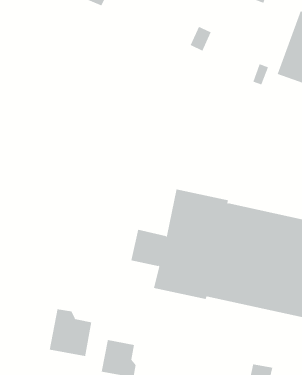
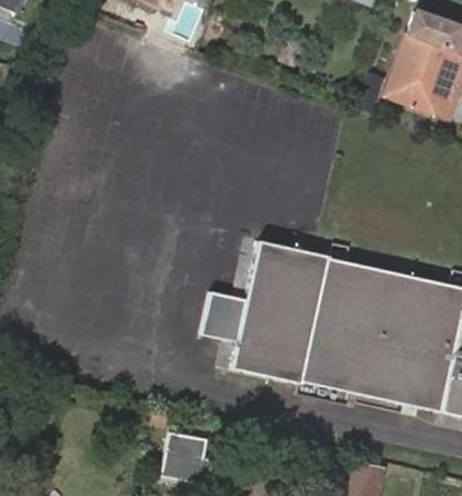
building: [49,308,92,357] -> none

